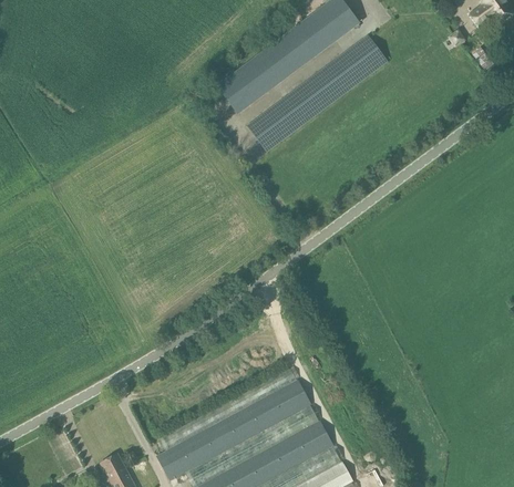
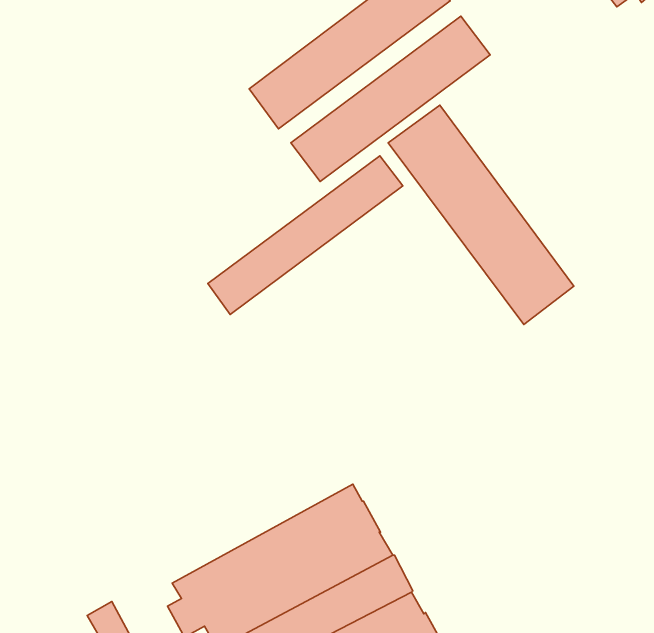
building: none -> [388,105,574,324]
building: none -> [208,156,403,315]

